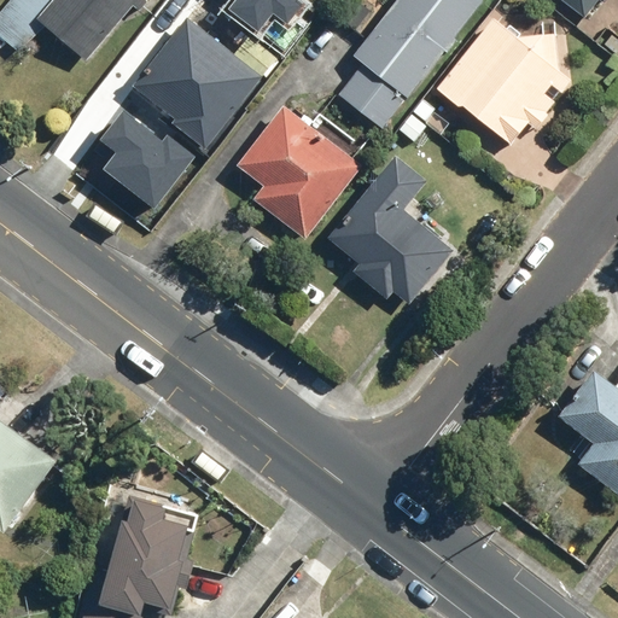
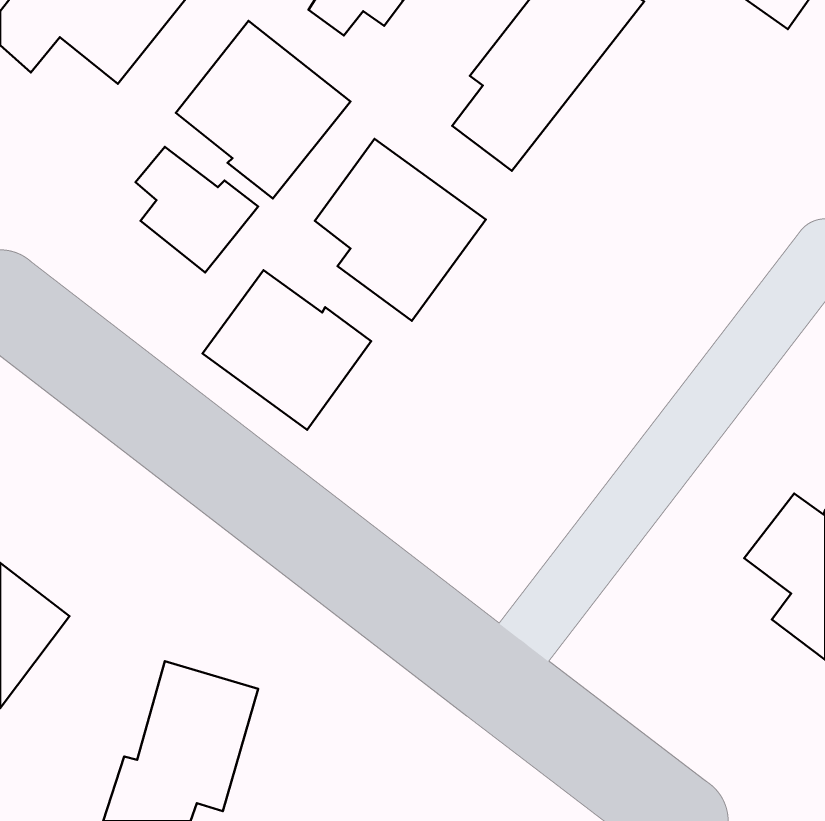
building: [435,17,572,146] -> none
building: [327,154,455,304] -> none
building: none -> [202,270,371,430]

